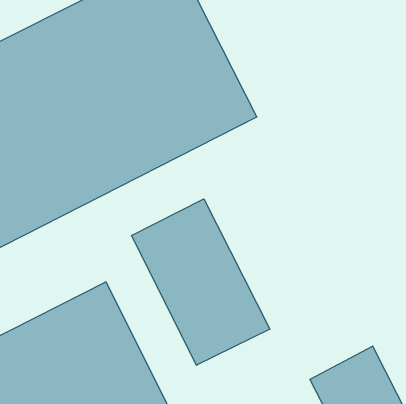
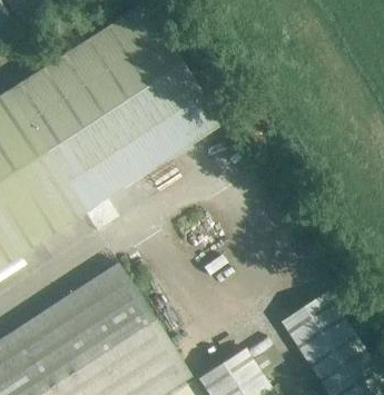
building: [132,199,270,365] -> none

